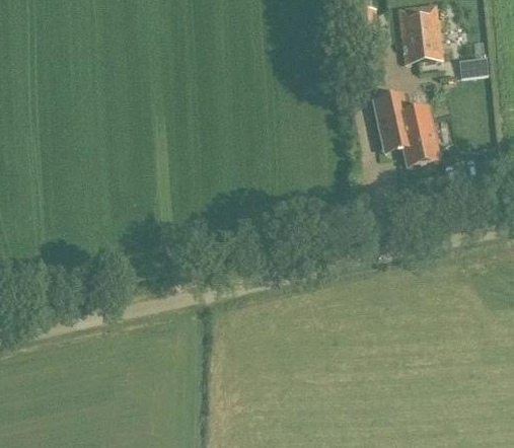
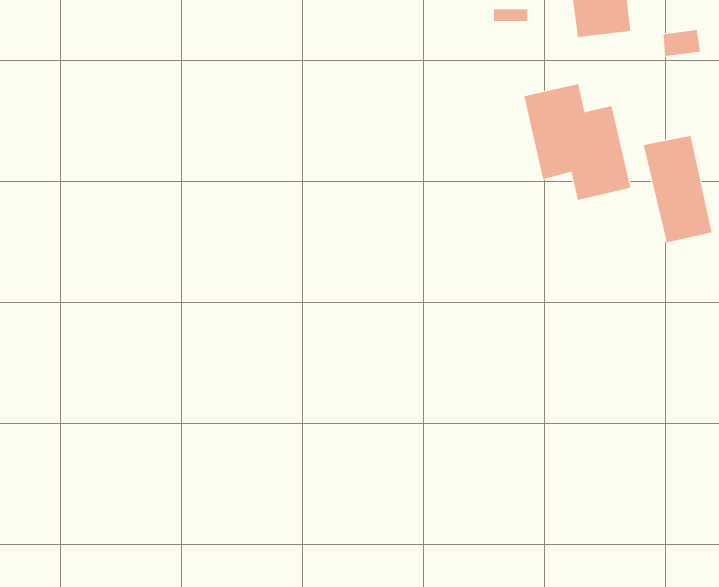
building: none -> [643,135,712,243]

